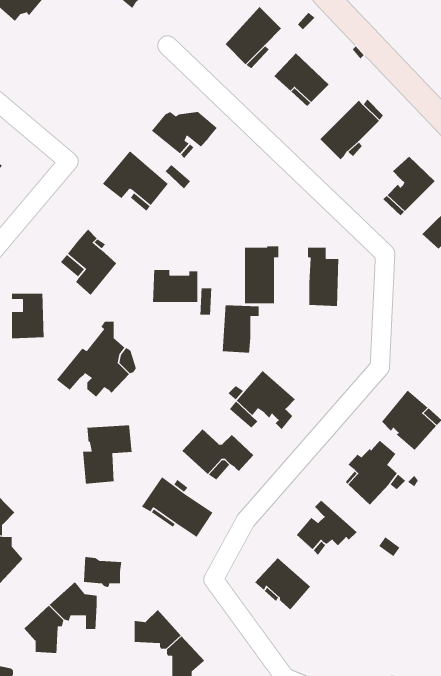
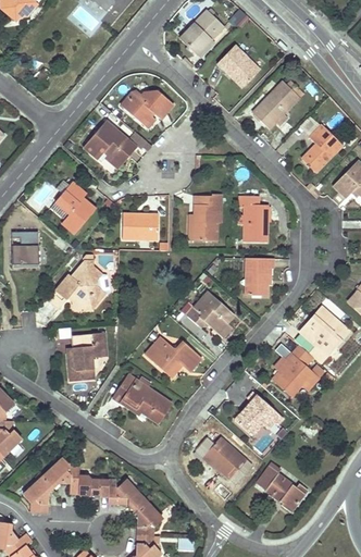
building: [222,304,260,353] -> [245,258,274,296]
building: [83,556,122,588] -> [78,474,109,499]
building: none -> [257,463,307,511]

